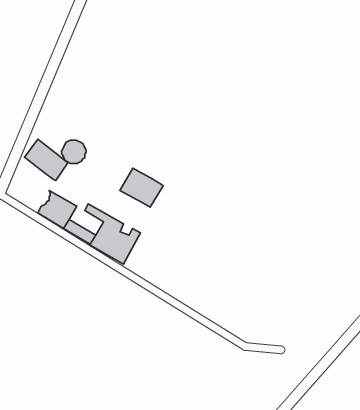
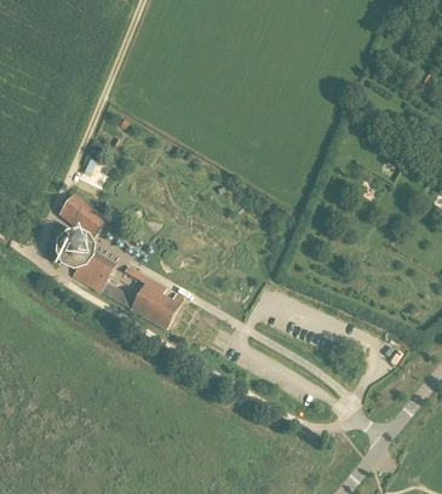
building: [62,140,86,163] -> [59,241,86,266]
building: [120,168,163,207] -> none

